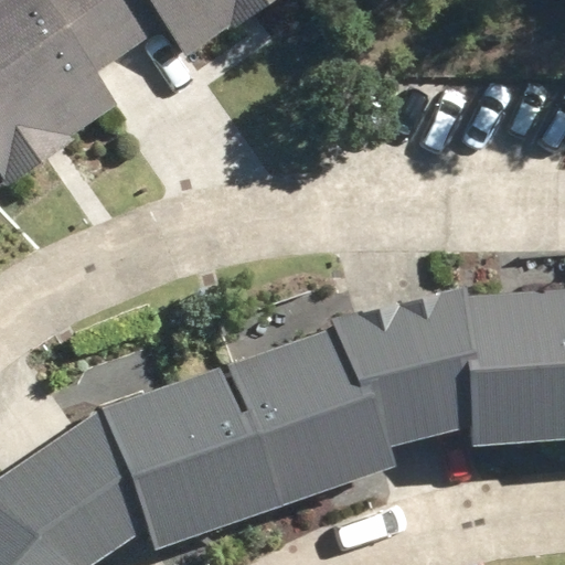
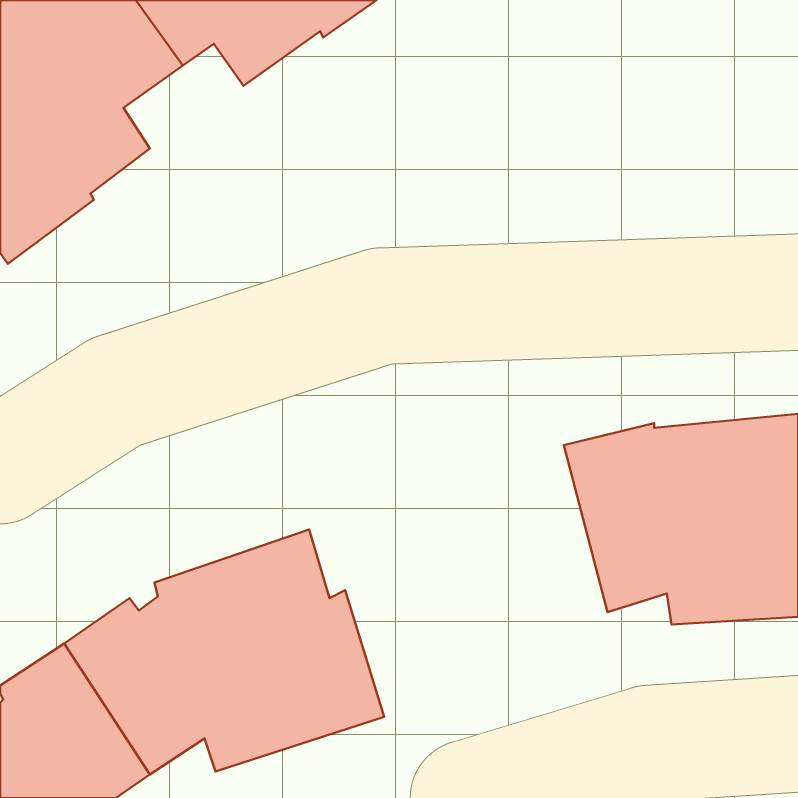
building: [235,315,429,507] -> none

